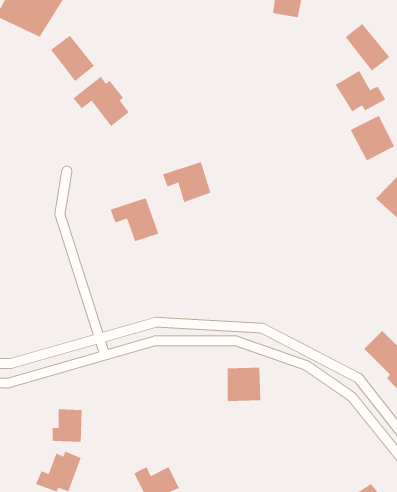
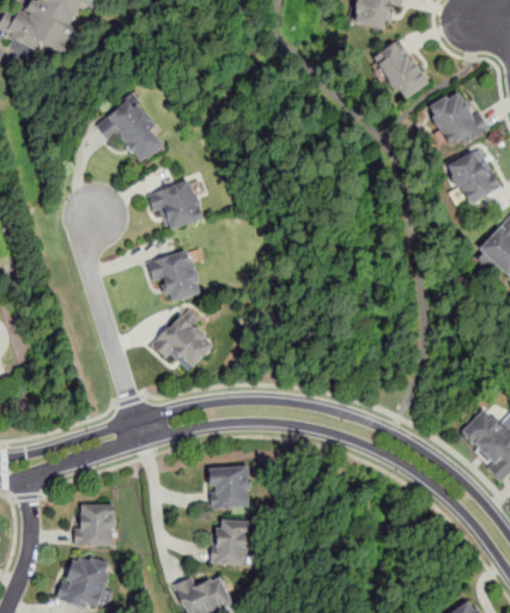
building: [345,23,390,71] -> [368,40,423,98]
building: [50,35,95,82] -> none
building: [162,161,211,203] -> [142,176,202,226]
building: none -> [153,312,215,370]
building: [227,367,261,402] -> [212,467,254,509]
building: none -> [211,521,253,564]

